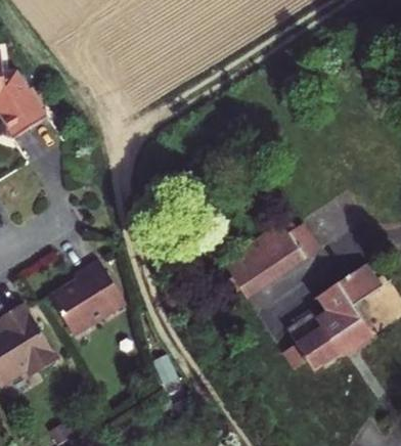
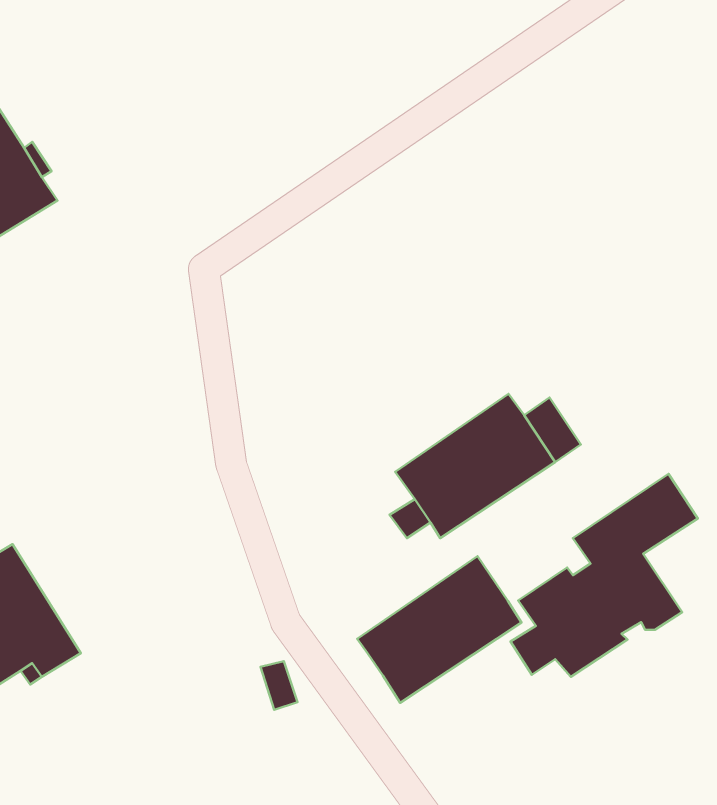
building: [48,258,124,332] -> none
building: none -> [357,556,521,703]

